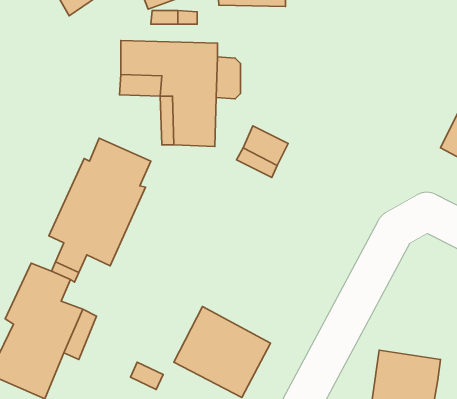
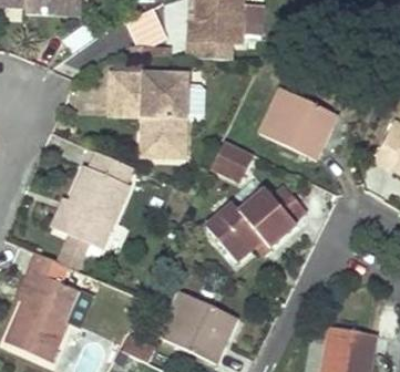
building: none -> [255,87,335,162]
building: none -> [205,183,304,264]

